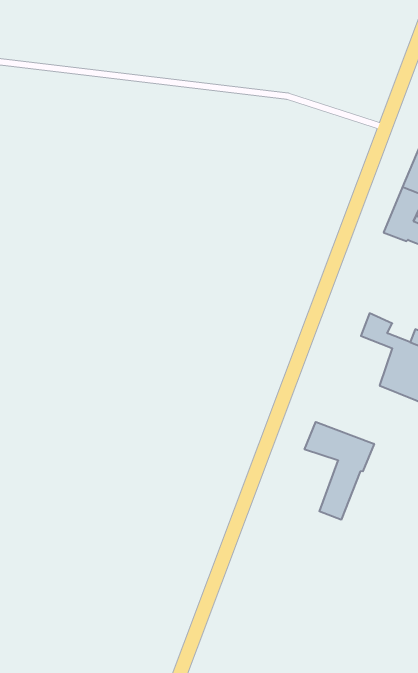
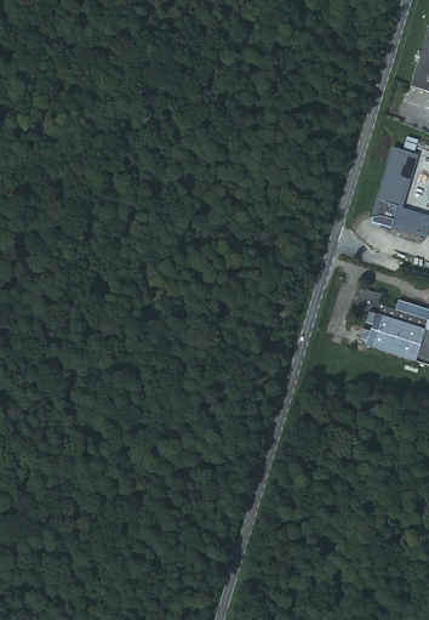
building: [305,422,374,520] -> none

